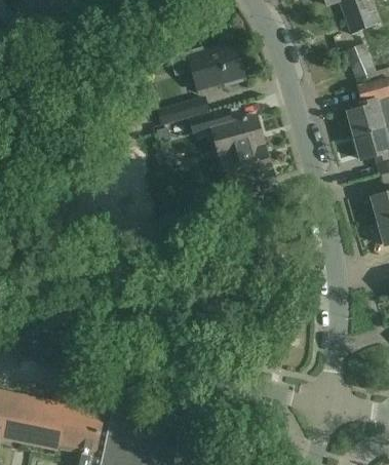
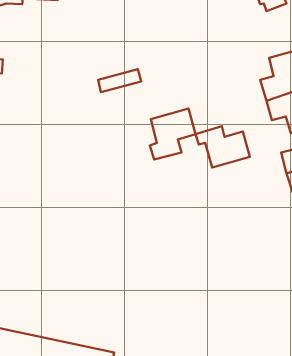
building: [169,41,243,87] -> none
building: [343,42,371,79] -> none
building: [198,106,262,154] -> [195,126,250,167]

